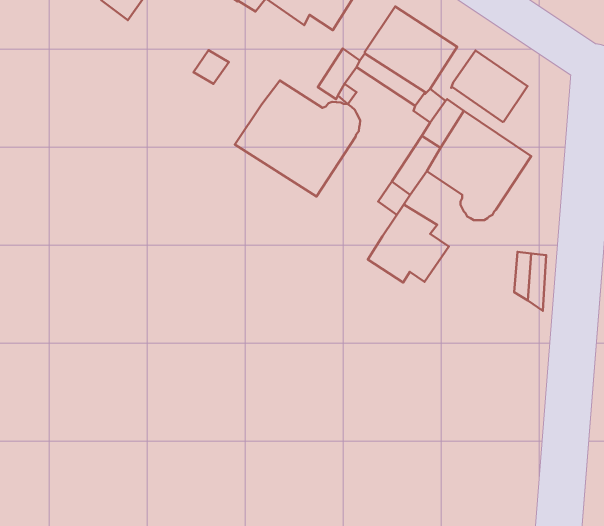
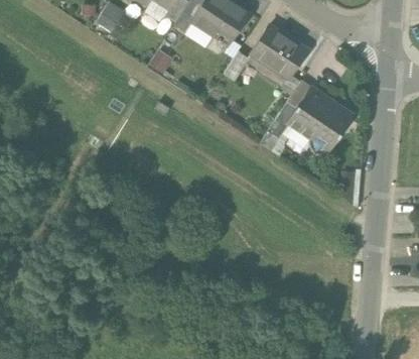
building: [451,51,527,122] -> none
building: [235,80,360,196] -> none
building: [368,204,449,282] -> none

